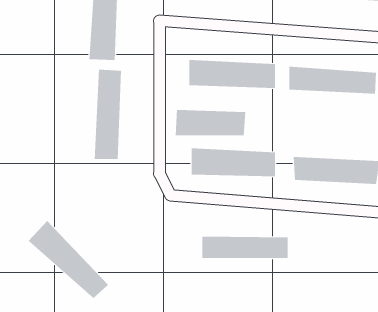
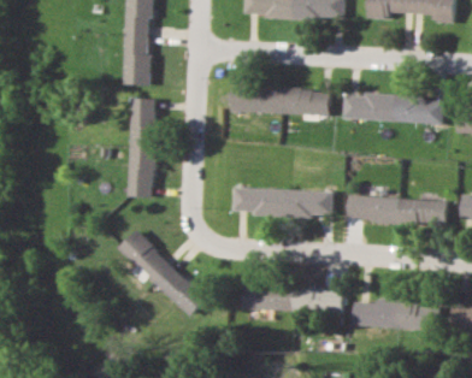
building: [175,109,246,136] -> none
building: [28,220,109,299] -> [116,231,206,319]
building: none -> [355,295,433,327]

